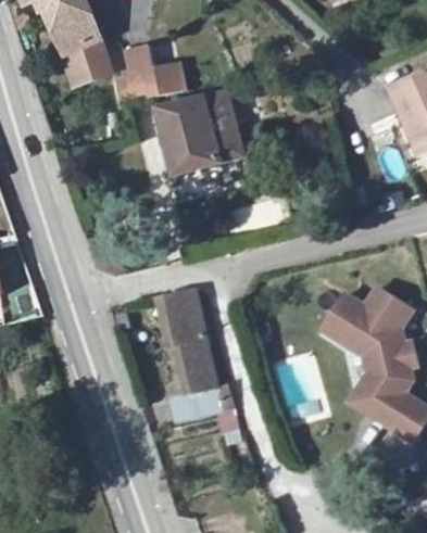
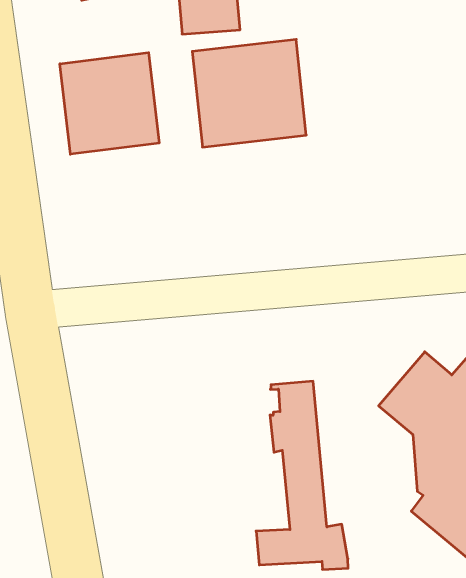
building: none -> [60,53,159,154]
building: [160,289,230,419] -> [256,381,348,569]

